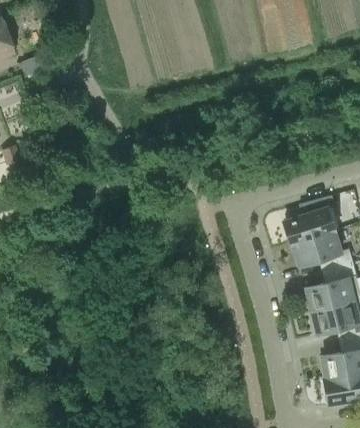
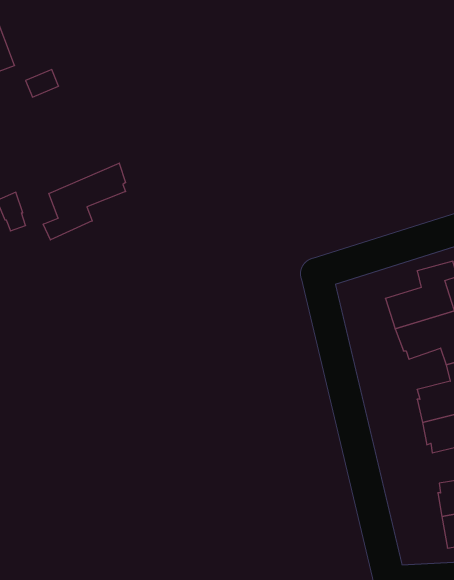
building: none -> [43,163,126,240]

